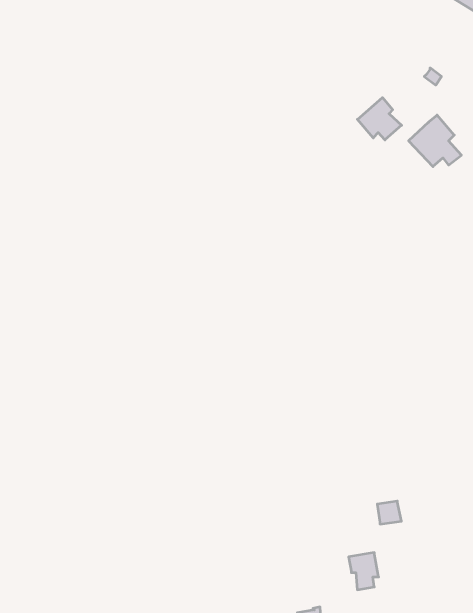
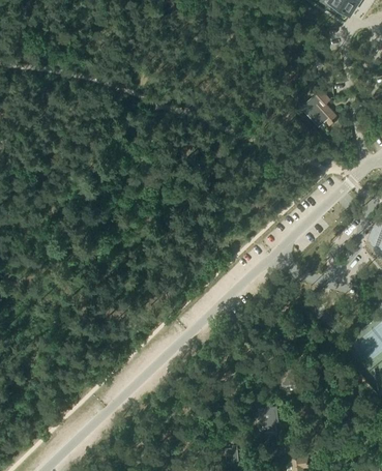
building: [357,98,402,140] -> none

